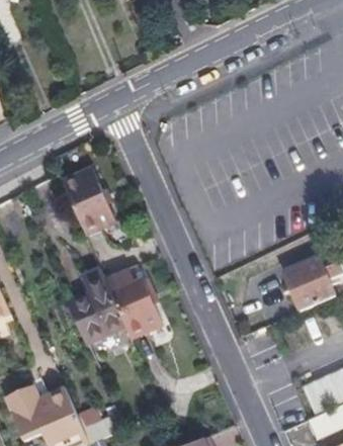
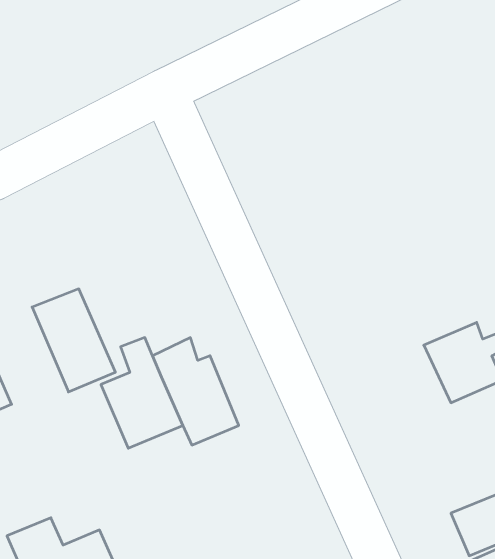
building: [60,166,115,235] -> [32,289,115,392]

